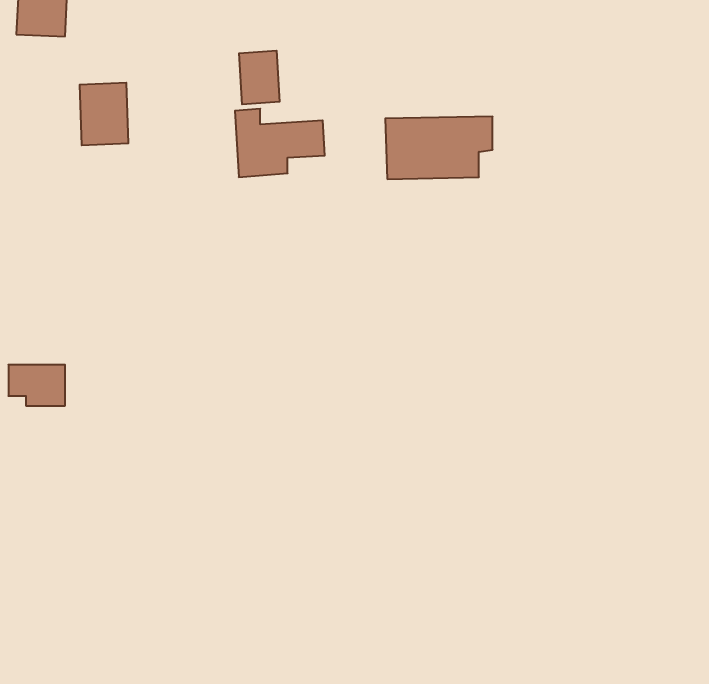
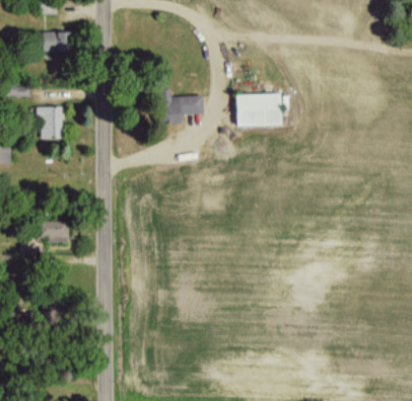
building: [239,51,280,104] -> none
building: [80,83,128,145] -> [39,106,64,139]

